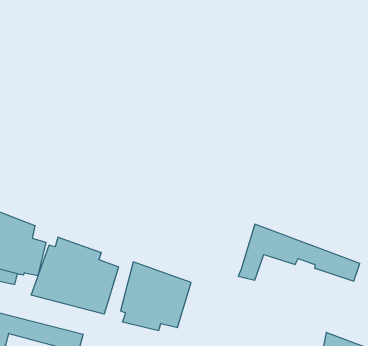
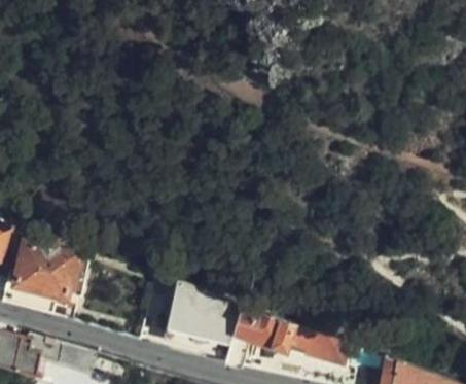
building: [238,224,360,281] -> [223,307,351,366]
building: [31,237,118,314] -> none

